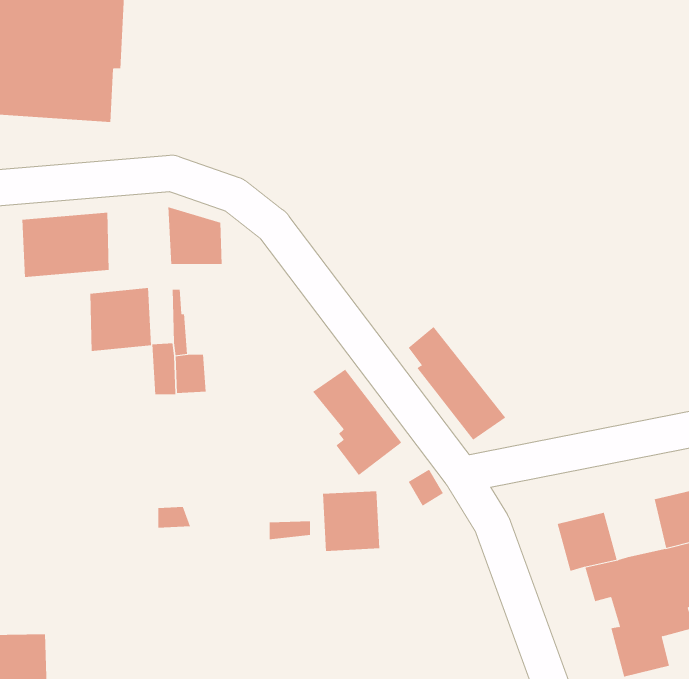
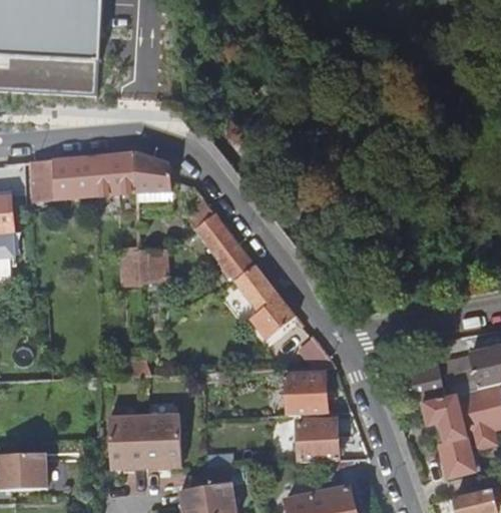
building: [89,288,152,351] -> [91,153,134,197]
building: [408,326,506,441] -> [187,202,256,282]
building: [322,491,380,552] -> [286,373,326,415]
building: none -> [441,356,477,396]
building: none -> [107,413,178,469]
building: none -> [297,419,337,462]

